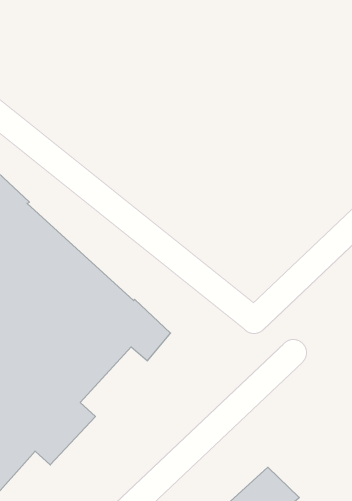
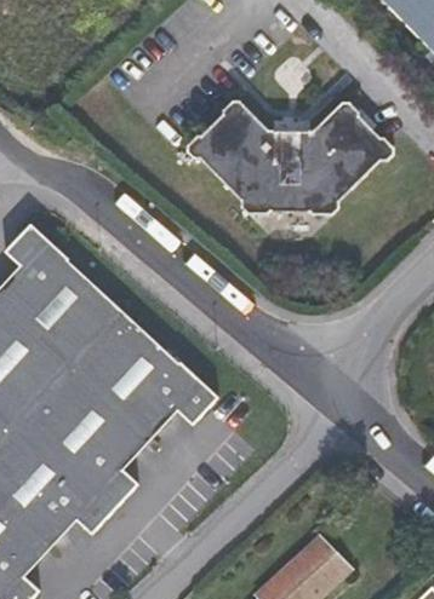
building: none -> [187,100,393,214]

